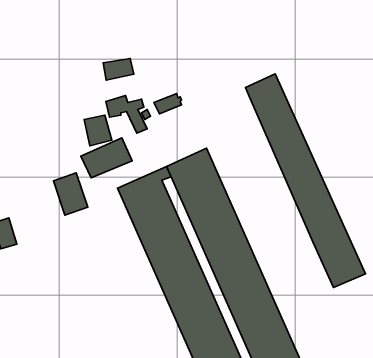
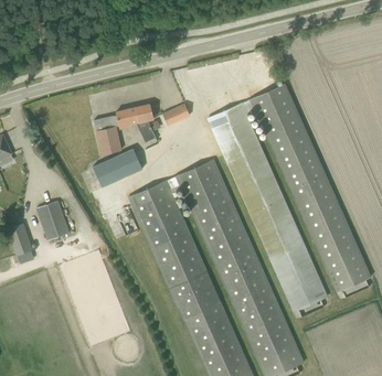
building: [103,58,134,80] -> none
building: none -> [209,99,328,311]
building: [53,173,88,215] -> [36,200,70,240]

